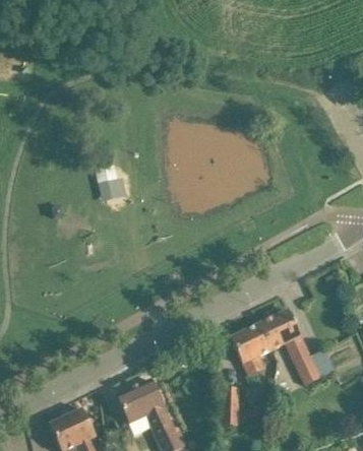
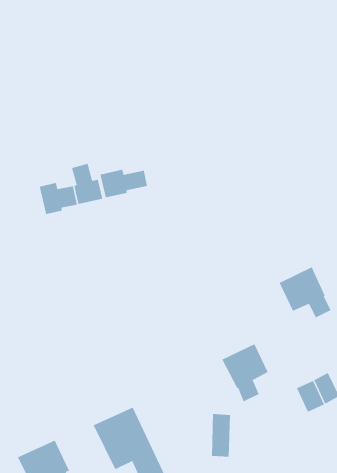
building: none -> [100,169,147,198]
building: none -> [39,182,77,215]
building: [259,310,306,356] -> [279,267,332,318]

